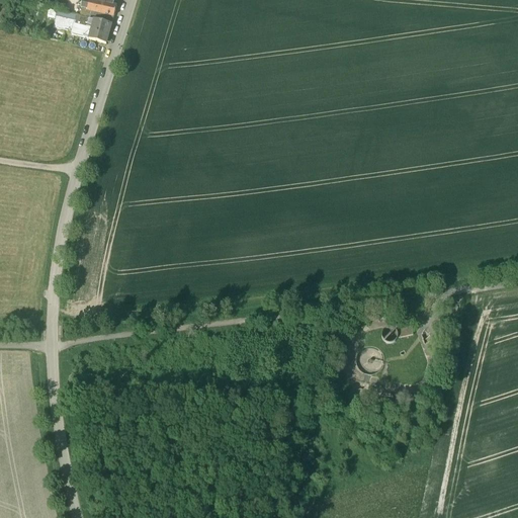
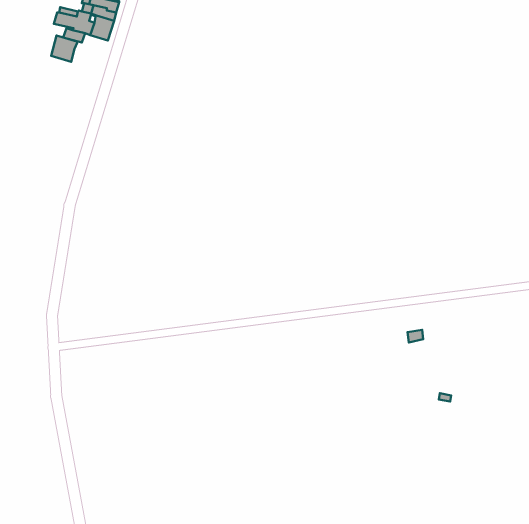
building: none -> [51,35,77,62]

